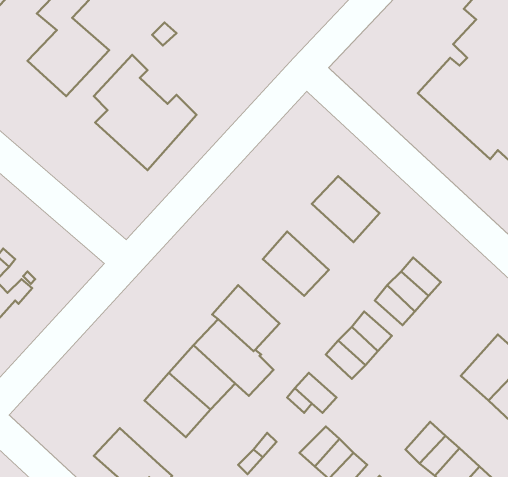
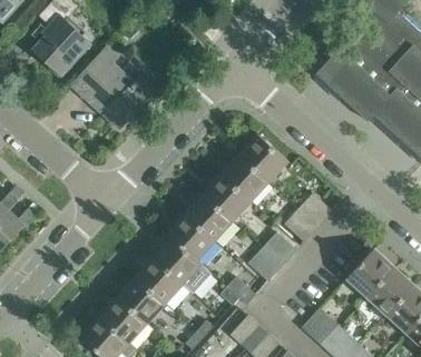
building: none -> [221,155,268,202]
building: none -> [185,195,233,241]
building: none -> [99,297,147,344]

